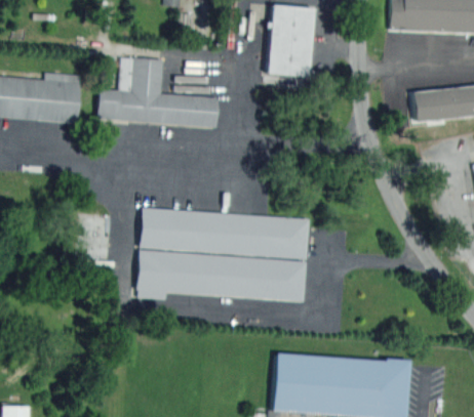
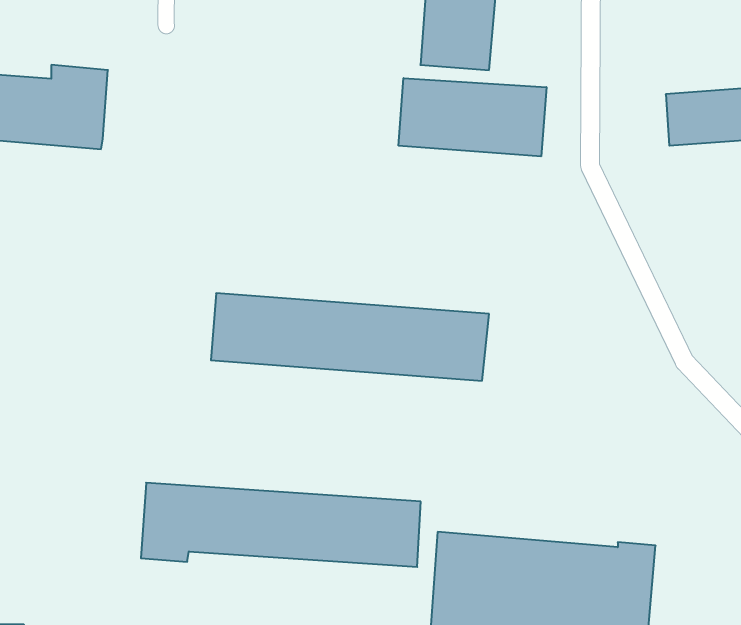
building: [97,57,218,126] -> none
building: none -> [399,78,546,156]
building: [137,251,305,301] -> [141,483,421,567]

